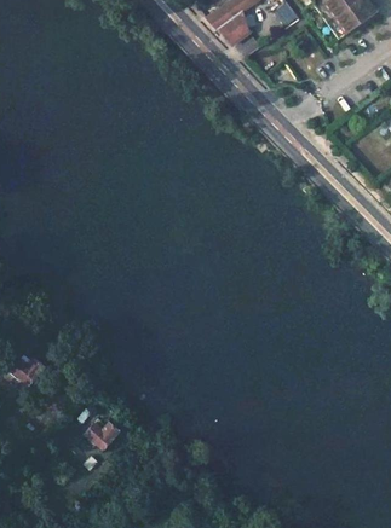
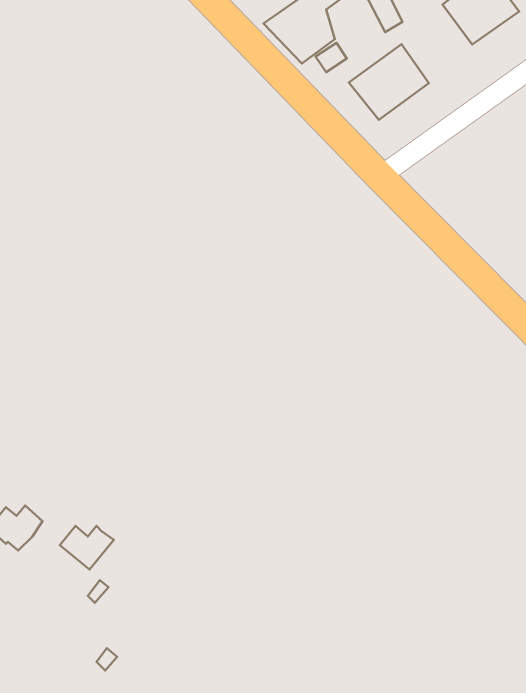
building: none -> [349,44,429,120]
building: [81,420,119,451] -> [60,526,114,569]

